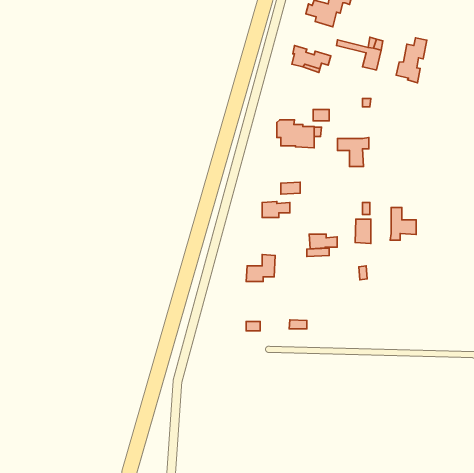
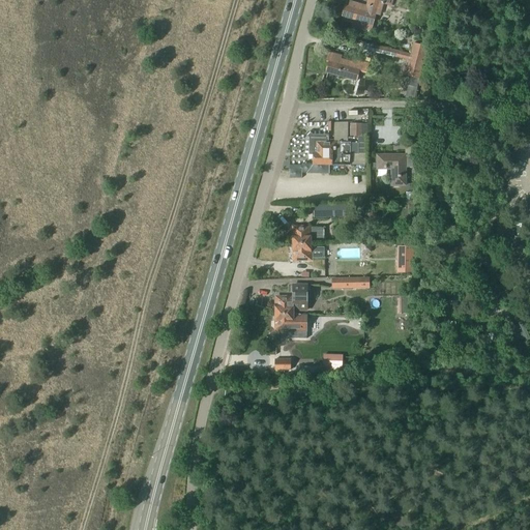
building: [396,38,427,83] -> none
building: [390,207,416,240] -> none
building: [309,234,337,249] -> [292,242,323,259]
building: none -> [274,314,306,337]

